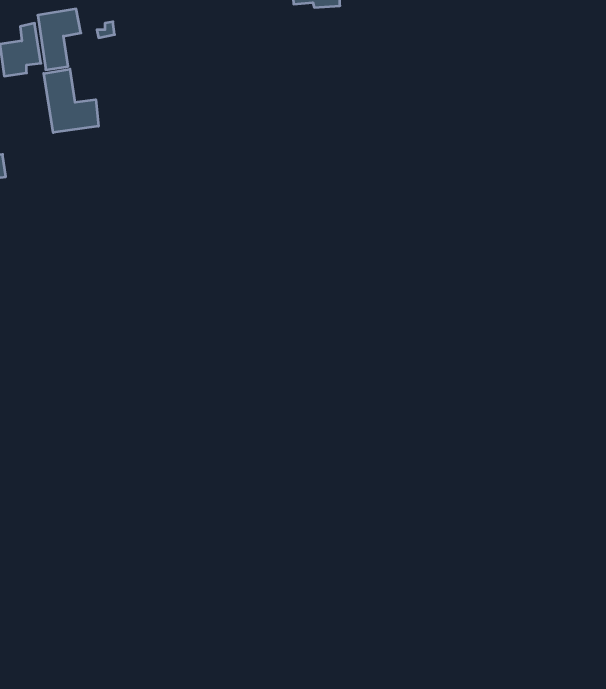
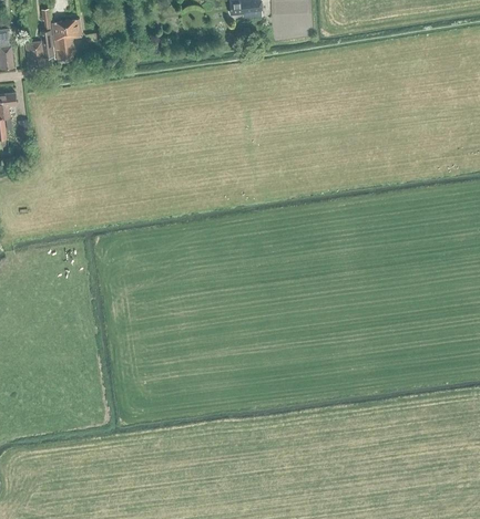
building: [44,69,98,133] -> none

